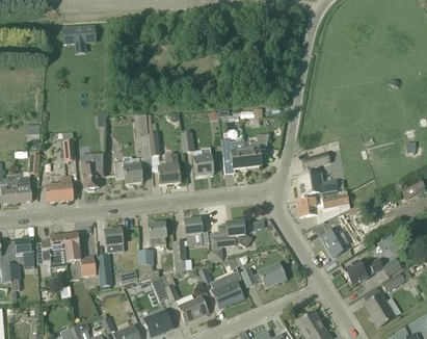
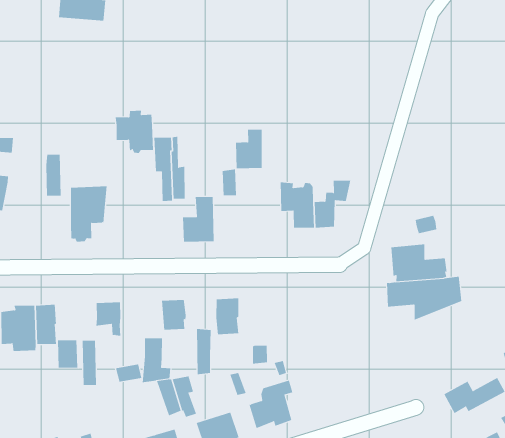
building: [192,148,212,176] -> [235,129,263,169]
building: [113,156,141,185] -> [115,110,154,153]
building: [45,176,73,202] -> none
building: [321,213,350,258] -> none
building: [209,218,251,247] -> none
building: [241,263,285,287] -> none

